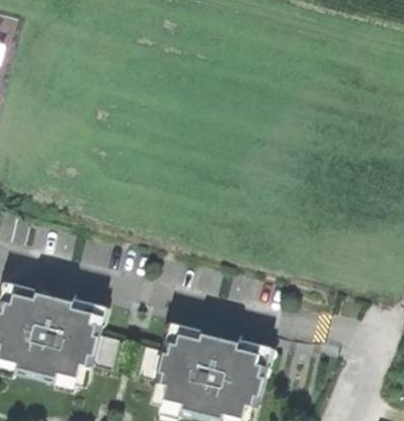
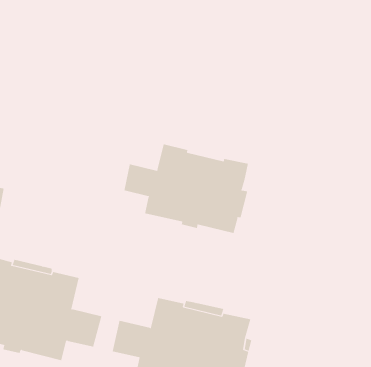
building: none -> [124,143,249,234]

